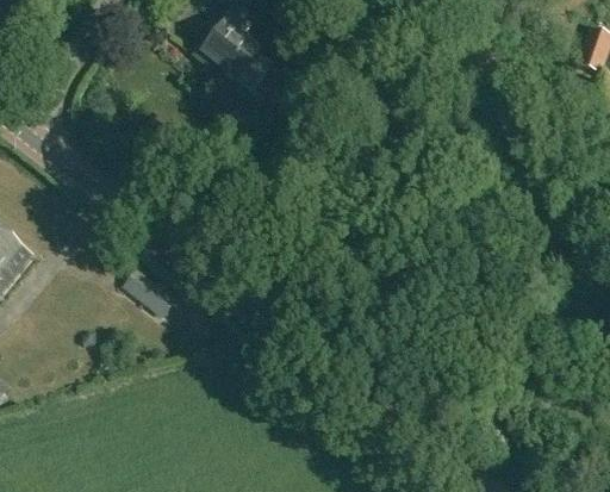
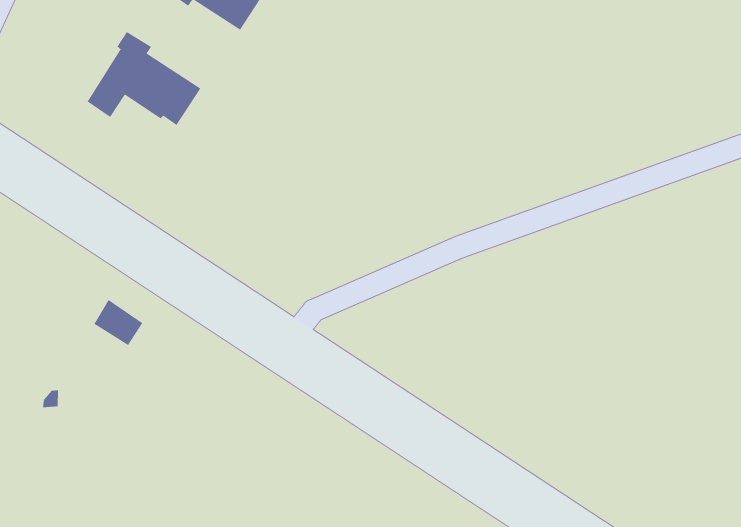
building: none -> [87,31,201,126]

